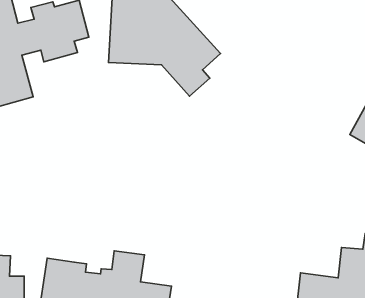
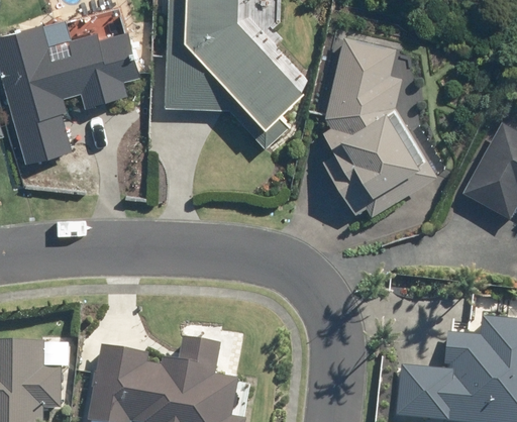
building: none -> [322,34,440,214]

